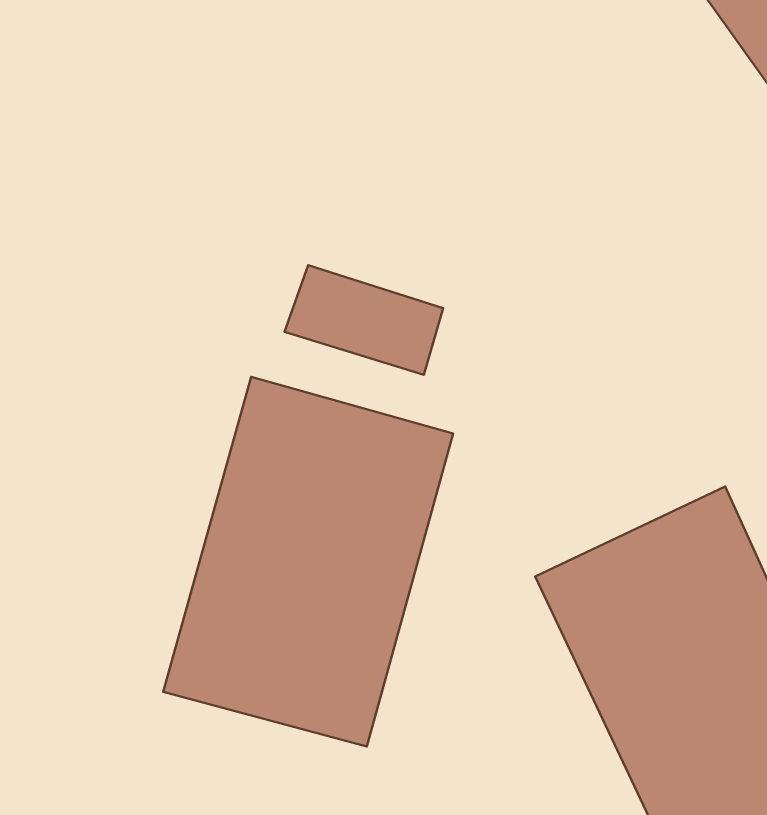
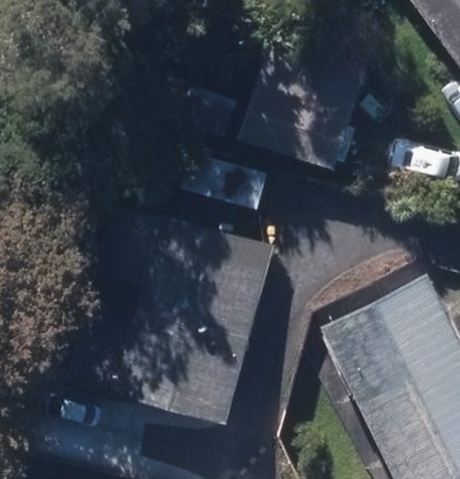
building: none -> [240,37,367,169]

